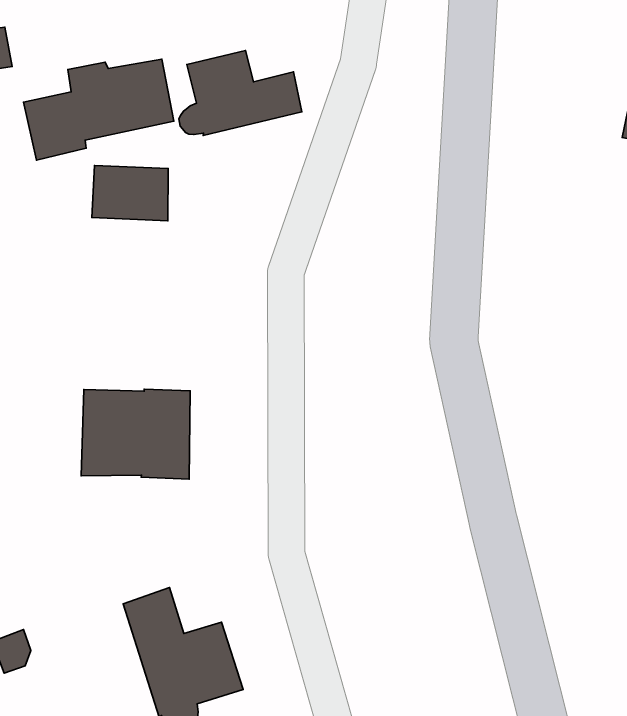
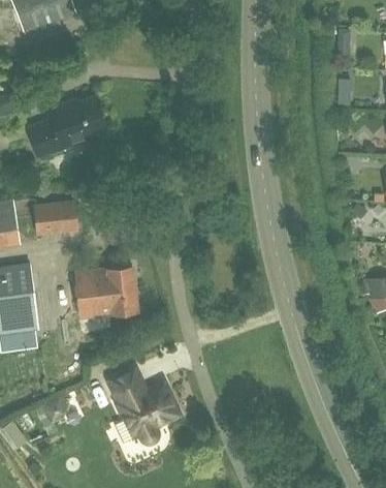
building: [179,50,302,136] -> none
building: [92,165,168,221] -> [36,202,77,232]

